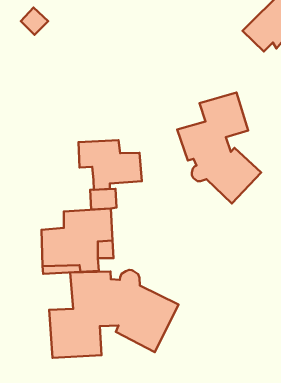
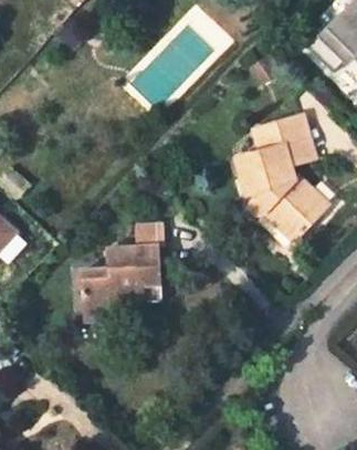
building: [78,140,142,190] -> none
building: [49,270,179,358] -> none

